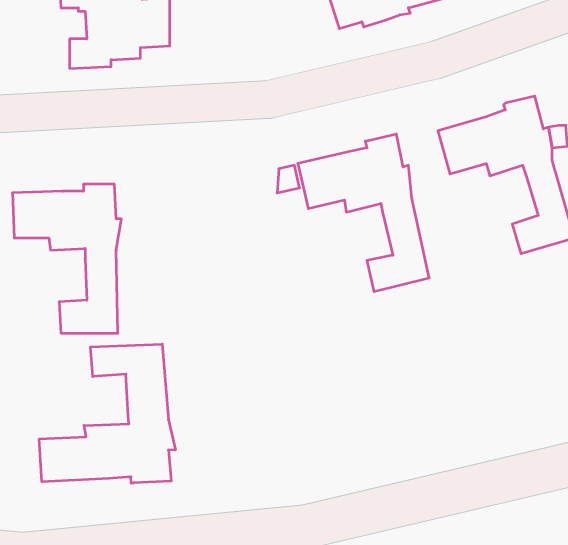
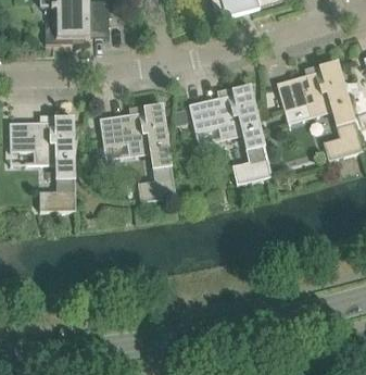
building: none -> [99,104,175,202]
building: [39,344,175,483] -> none

